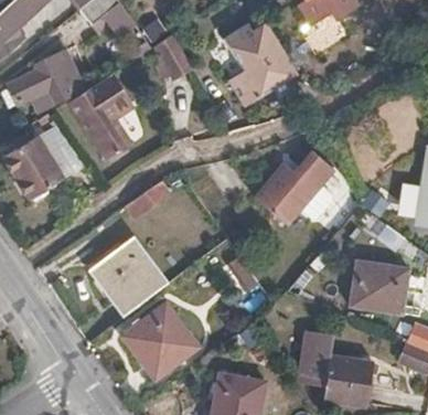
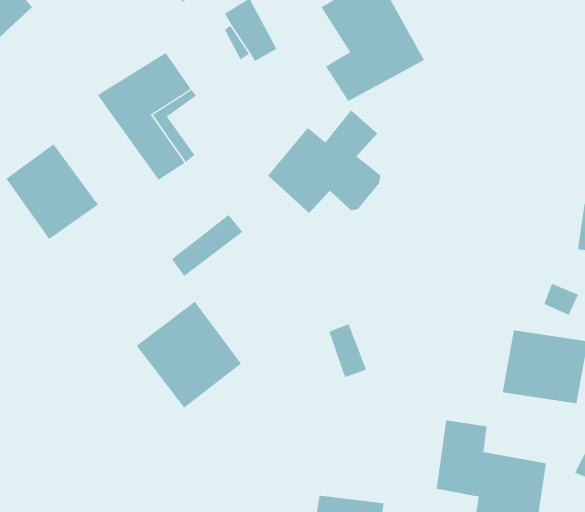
building: [9,50,83,110] -> none
building: [255,152,333,224] -> [267,110,381,214]
building: [124,306,197,380] -> none

